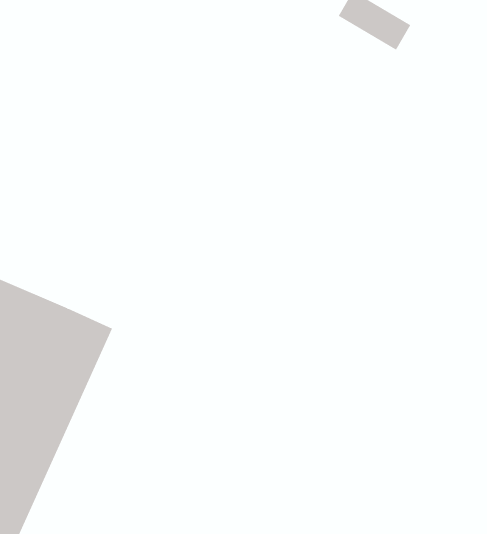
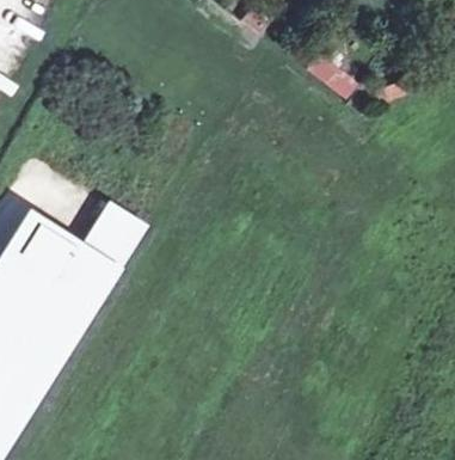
building: none -> [84,207,141,270]

